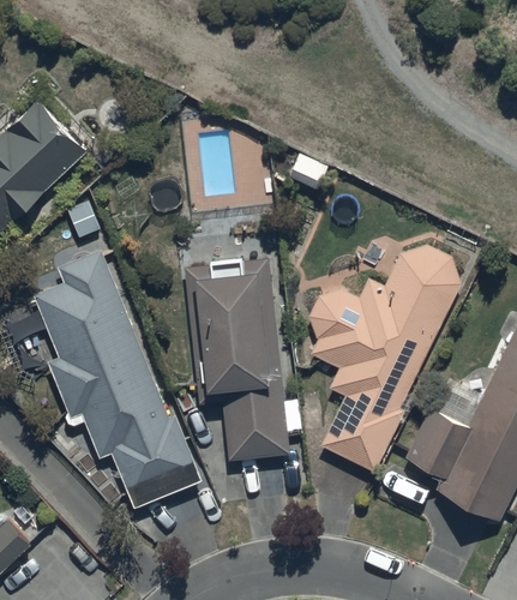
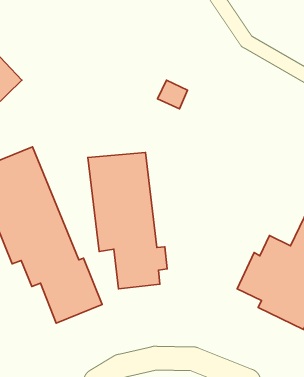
building: [309,245,461,472] -> none

